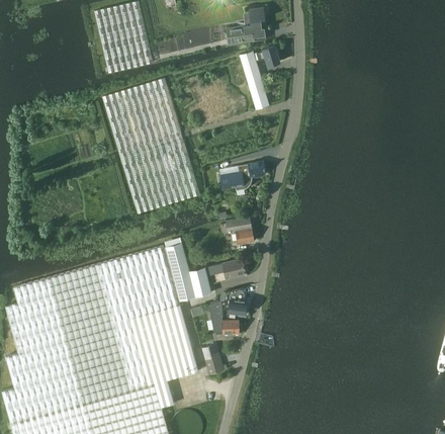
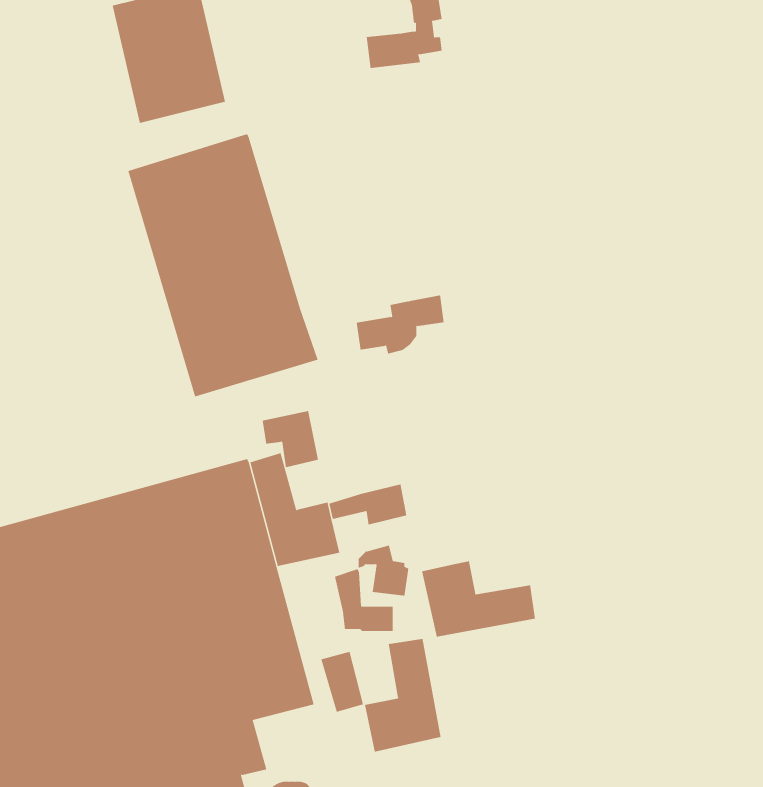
building: [239,46,280,110] -> none
building: [225,215,254,245] -> [262,411,319,468]
building: none -> [421,560,536,637]
building: none -> [364,638,441,752]

